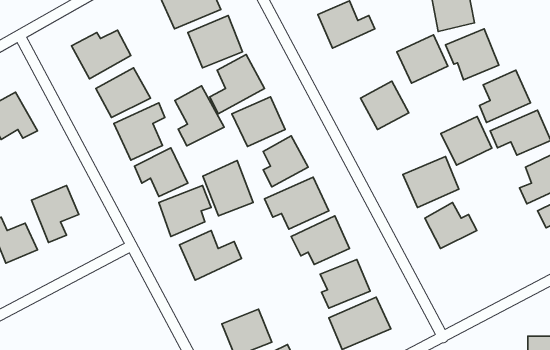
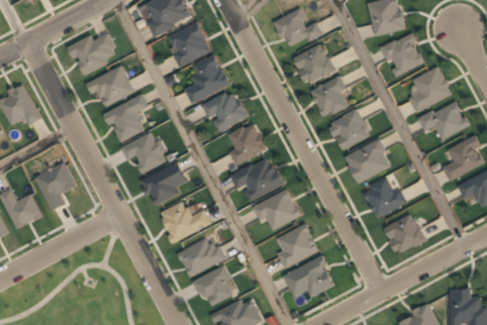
building: [397,35,448,83] -> [292,43,334,84]
building: [175,86,224,146] -> none
building: [441,117,492,165] -> [327,109,370,149]
building: [203,160,253,216] -> none
building: none -> [383,213,425,253]
building: none -> [177,235,224,277]

